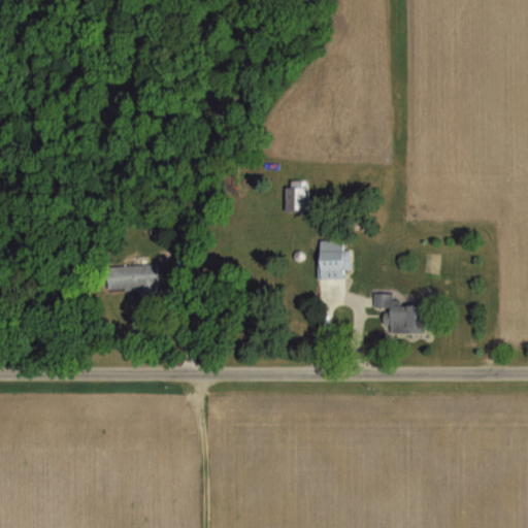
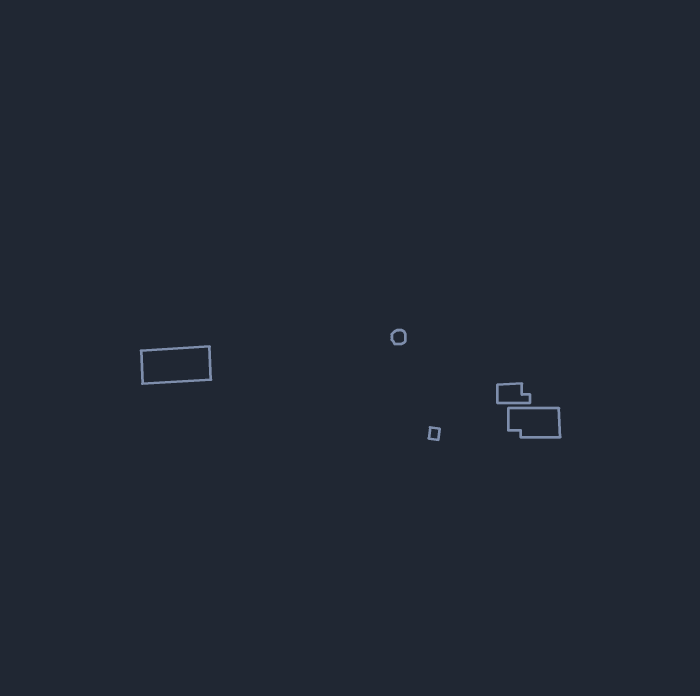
building: [286,182,307,212] -> none
building: [320,241,351,277] -> none

